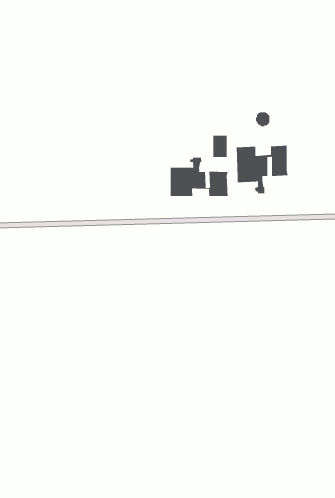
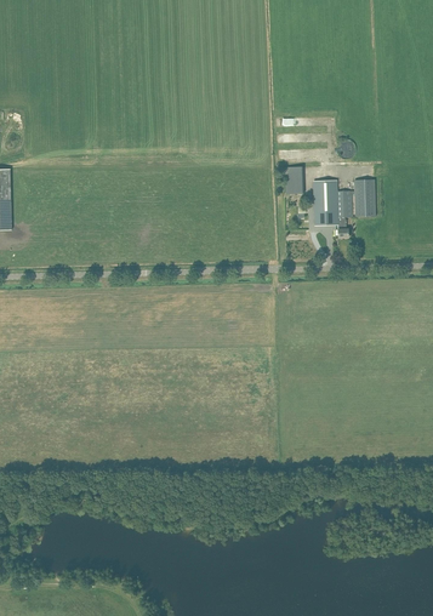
building: [170,157,228,197] -> none

